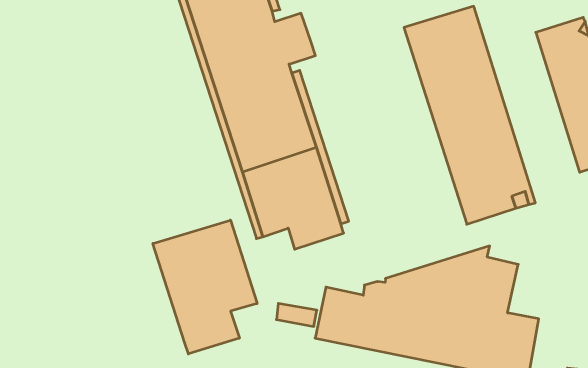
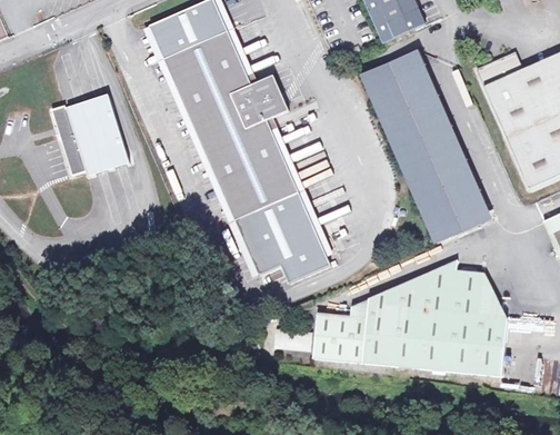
building: none -> [50,93,129,176]
building: [153,220,257,354] -> none
building: none -> [479,273,507,318]

